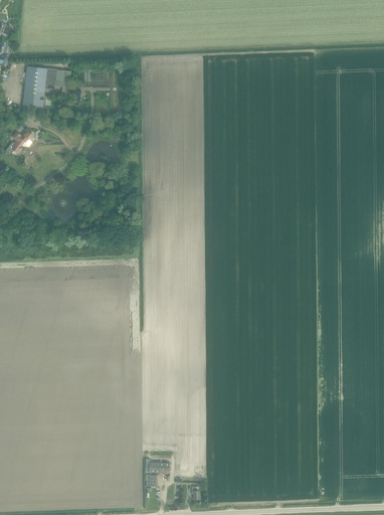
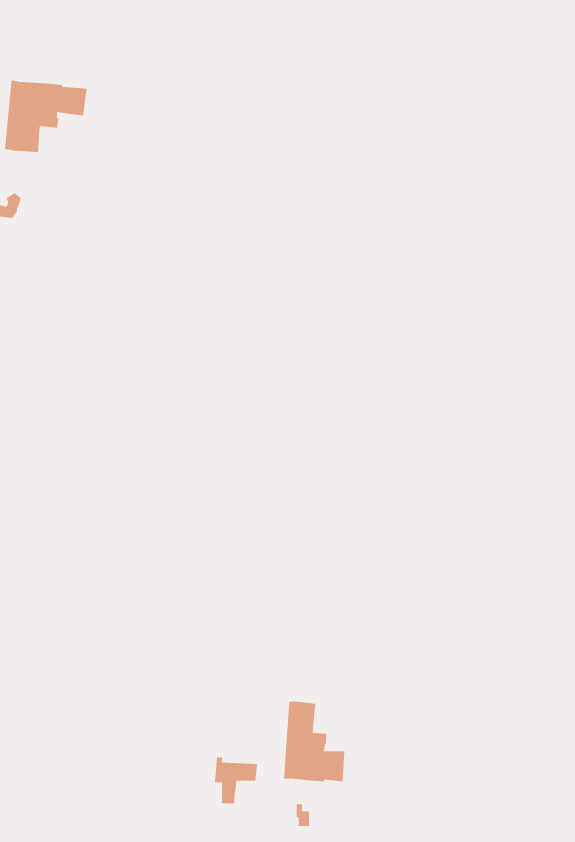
building: none -> [284,701,345,782]

